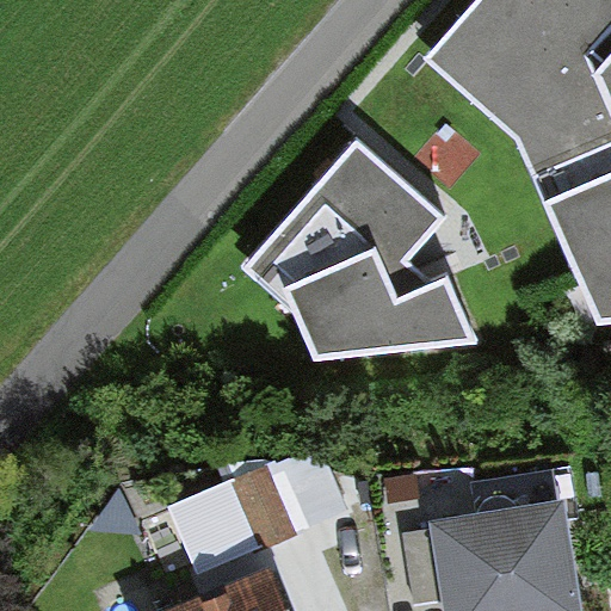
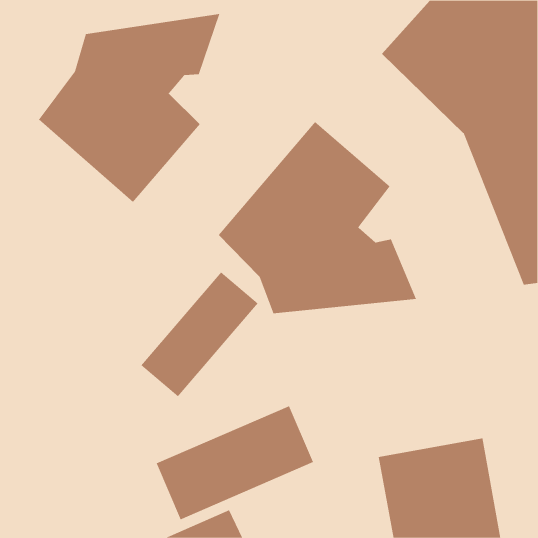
building: none -> [38,13,220,203]
building: none -> [141,272,259,397]

